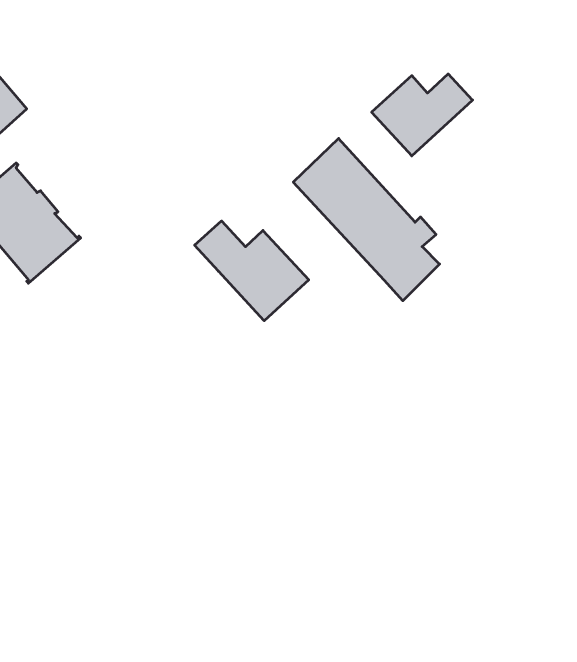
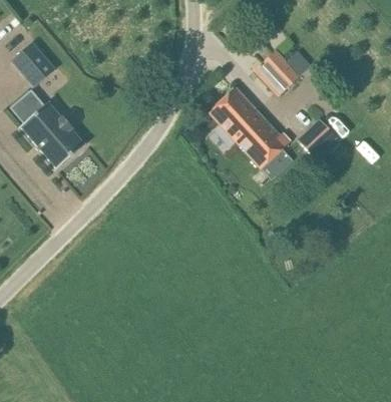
building: none -> [297,118,336,156]
building: [195,221,309,321] -> none

